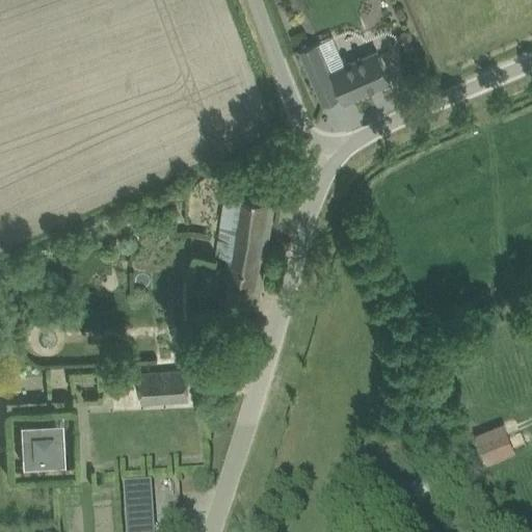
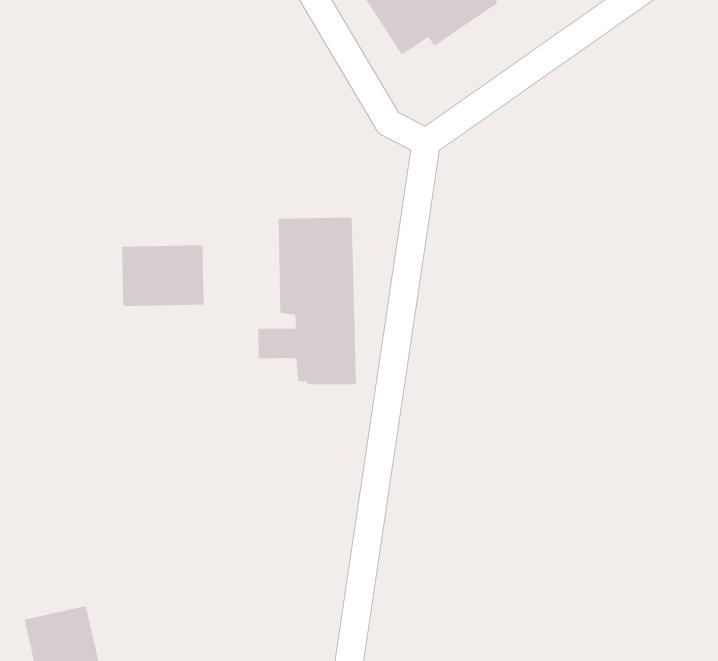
building: none -> [122,244,204,307]
building: [139,373,188,406] -> none

